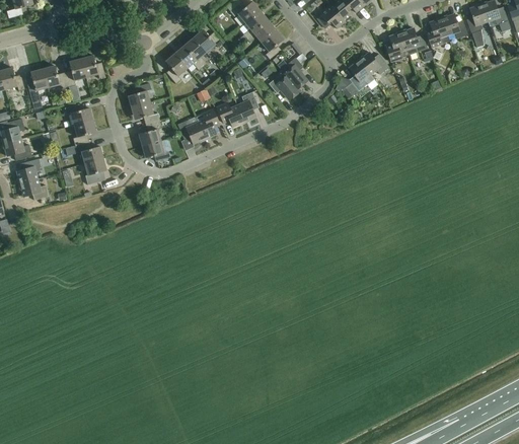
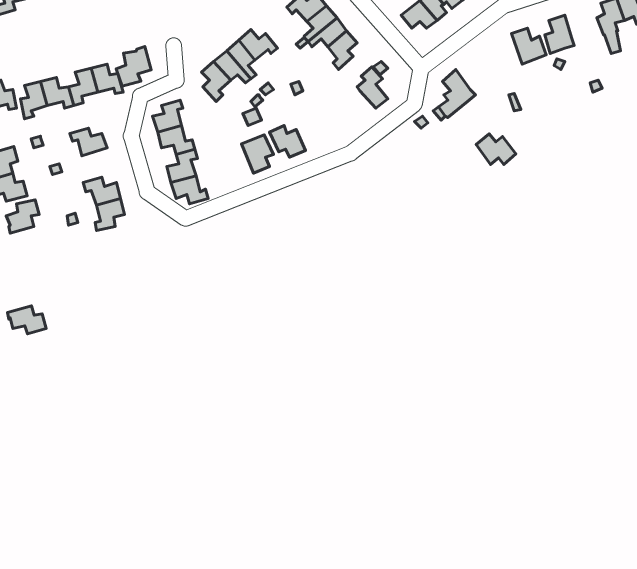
building: [441,13,467,38] -> none
building: [384,31,409,61] -> none
building: none -> [116,47,151,86]
building: [358,51,388,74] -> [476,134,516,164]
building: [268,75,299,99] -> none
building: [236,91,258,121] -> none
building: [176,116,204,143] -> none
building: [72,119,95,145] -> none
building: [18,178,48,200] -> [8,306,46,334]

